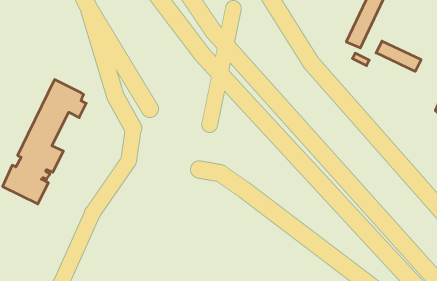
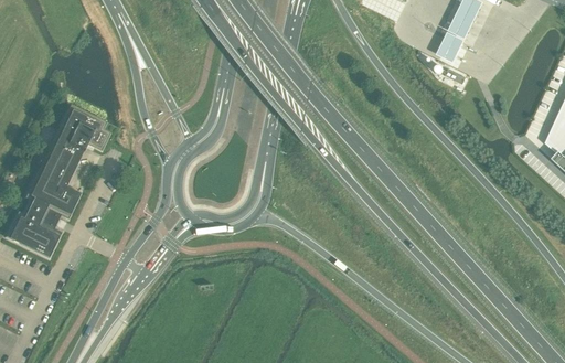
building: [376,41,421,71] -> none

